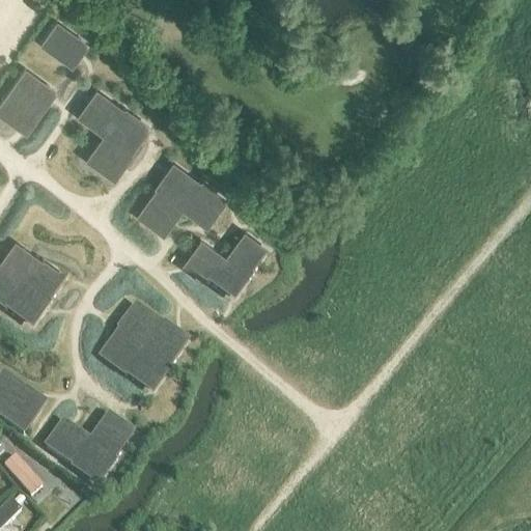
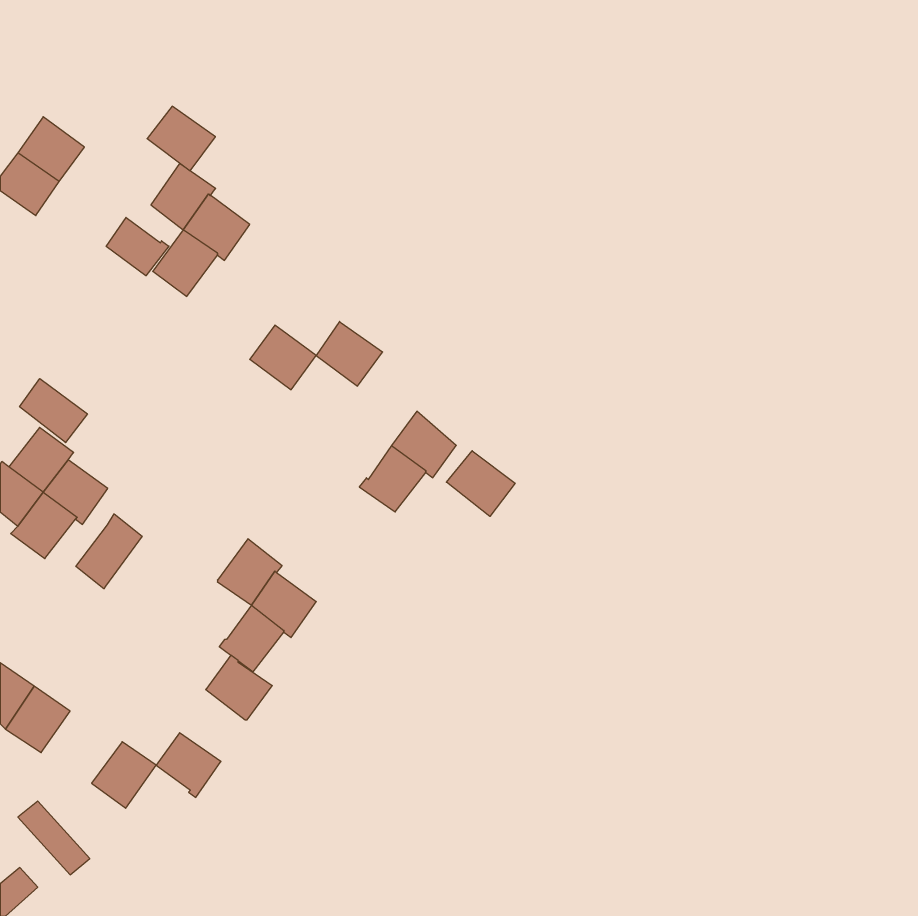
building: [41,21,81,58] -> [147,106,215,171]
building: none -> [106,217,169,276]
building: [163,167,200,205] -> none
building: none -> [20,379,87,443]
building: [188,240,226,277] -> none
building: none -> [446,451,515,516]
building: none -> [76,514,142,589]
building: [107,332,145,369] -> [206,655,272,720]
building: [73,442,110,480] -> none

